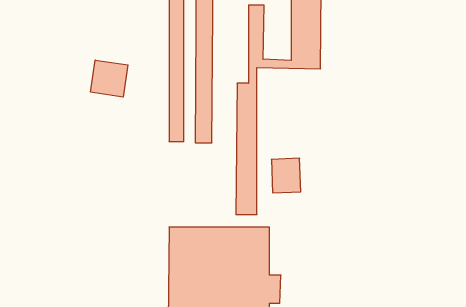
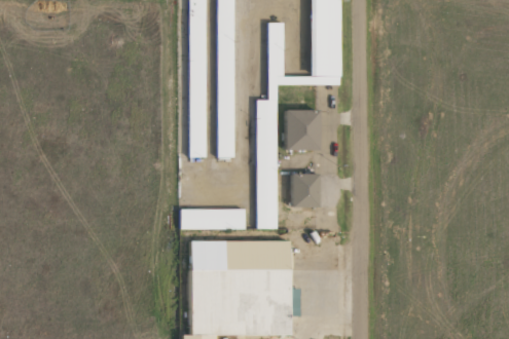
building: [91,60,128,97] -> none
building: none -> [285,110,320,151]
building: none -> [181,209,246,229]

